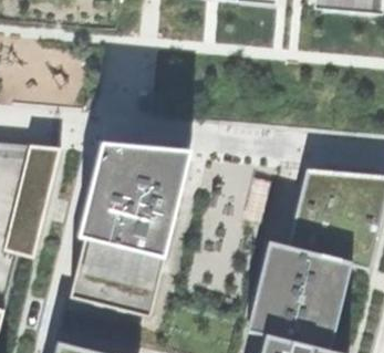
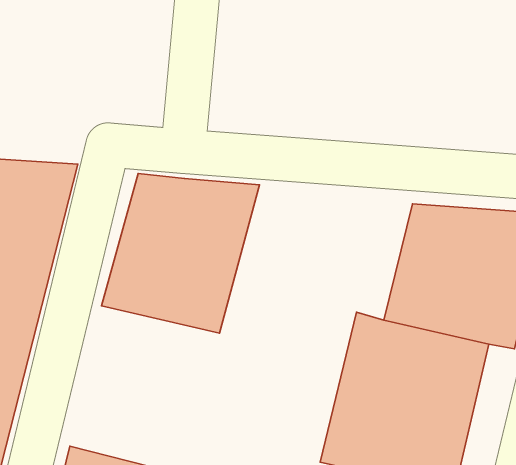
building: [66,239,160,313] -> none

